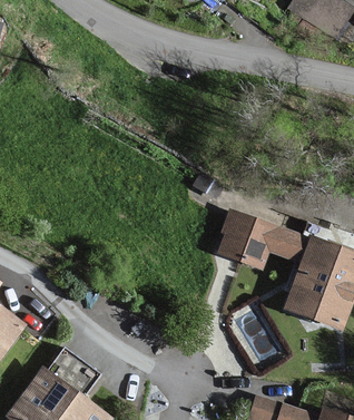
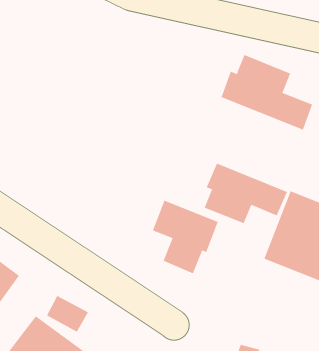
building: none -> [221,54,313,131]
building: none -> [152,200,218,274]

